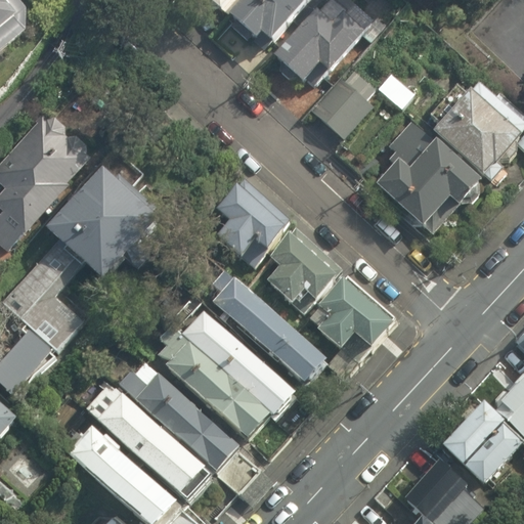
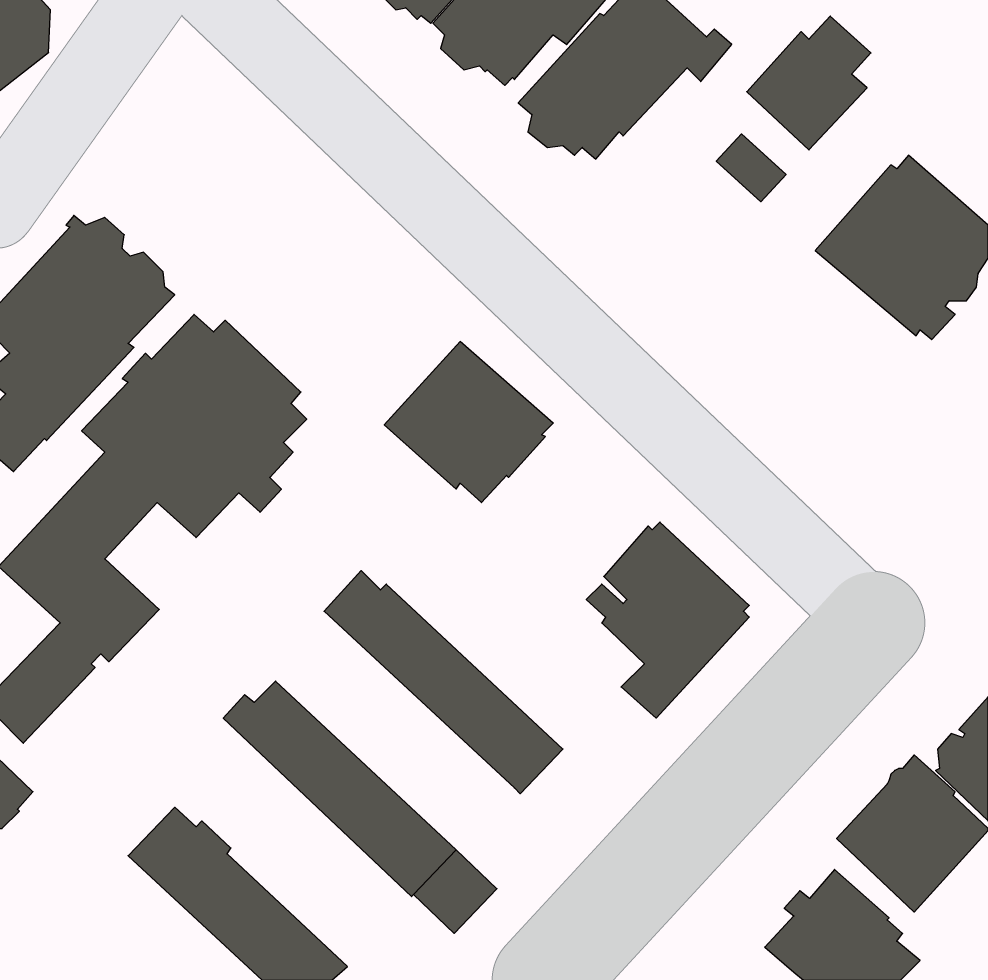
building: [310,68,376,138] -> [747,16,871,150]
building: [375,118,482,232] -> none
building: [266,228,342,311] -> none
building: [212,268,326,385] -> none
building: [157,322,271,441] -> none
building: [85,386,211,503] -> none

